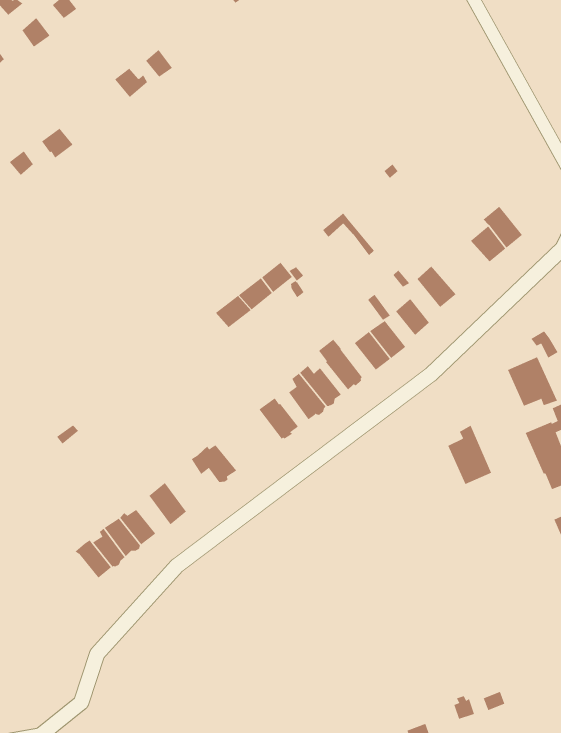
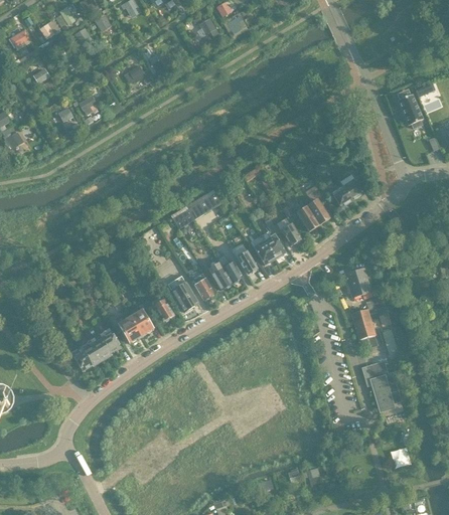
building: none -> [306,185,329,224]
building: none -> [167,276,197,311]
building: [448,425,492,485] -> none
building: none -> [130,310,156,336]

